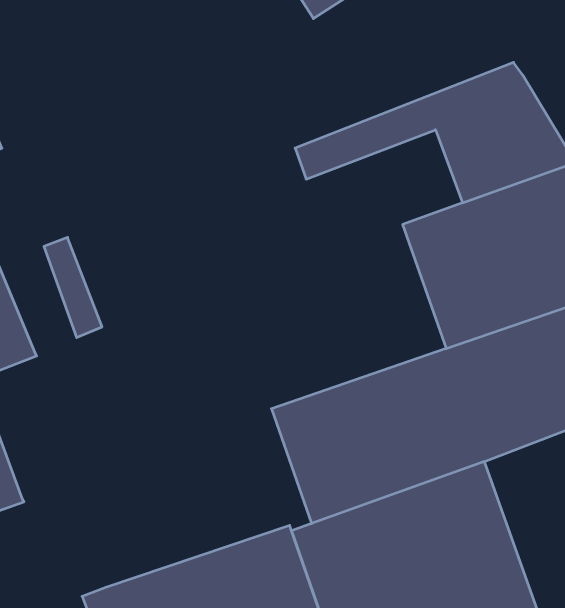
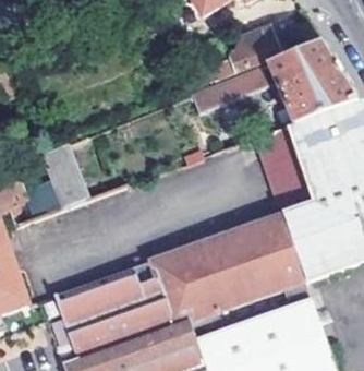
building: none -> [214,25,279,79]
building: none -> [53,250,201,357]

